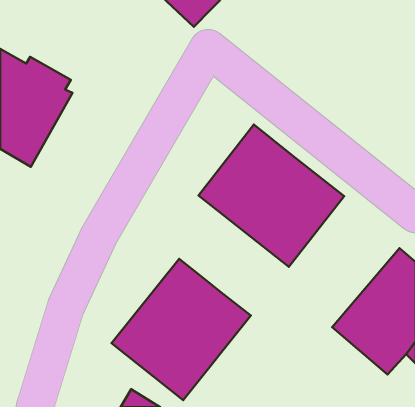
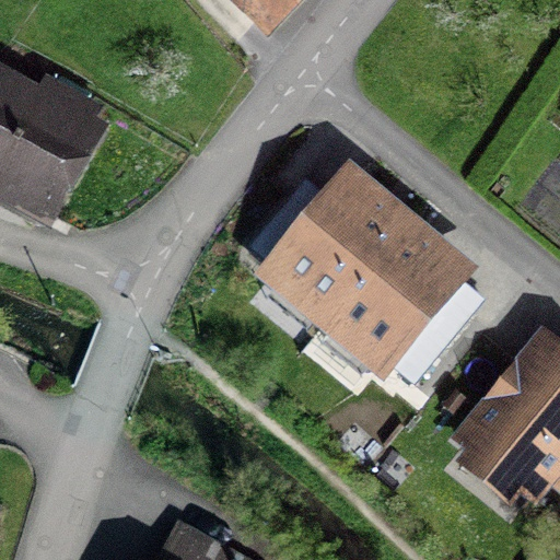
building: [112,259,251,400] -> none

